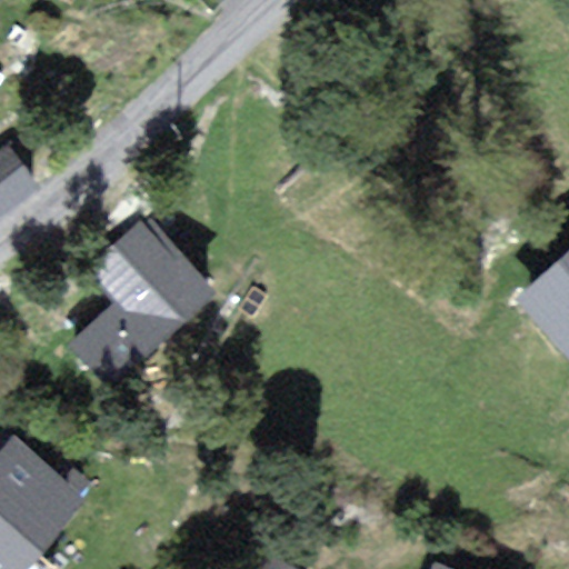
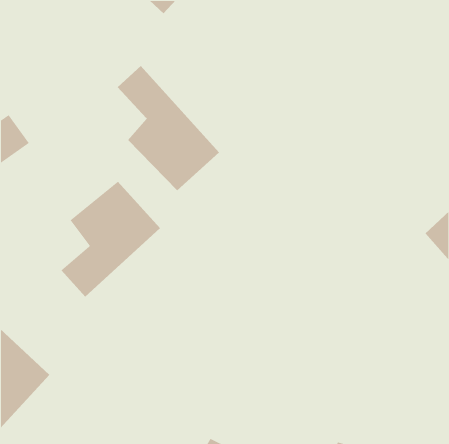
building: none -> [117,65,220,191]

